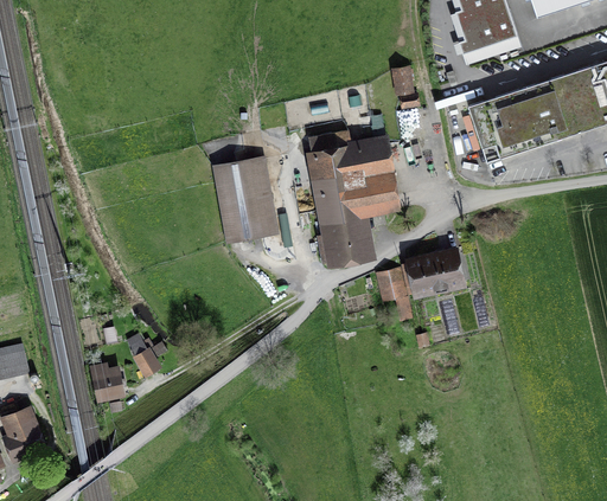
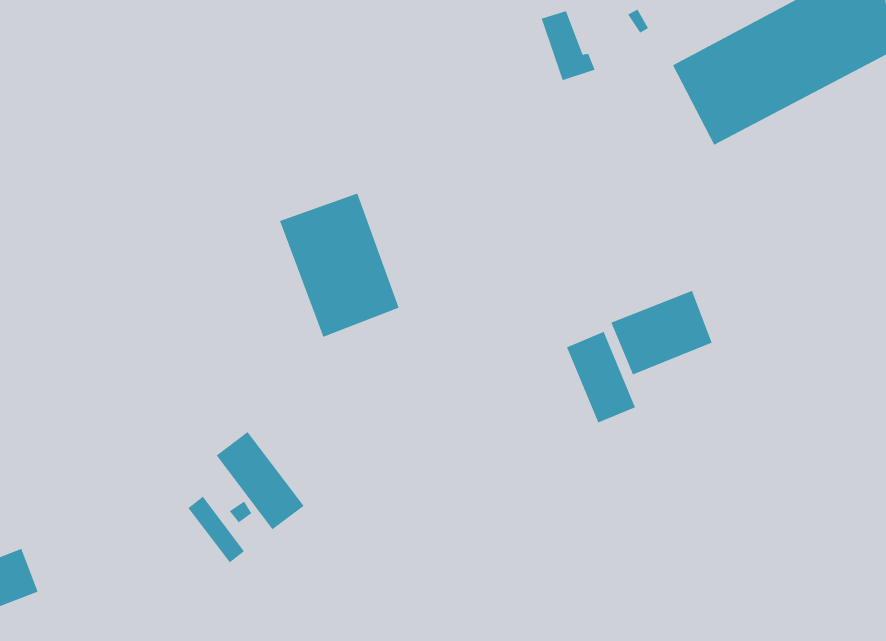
building: [306,128,401,266] -> none
building: none -> [216,431,304,530]
building: [94,360,124,397] -> none

